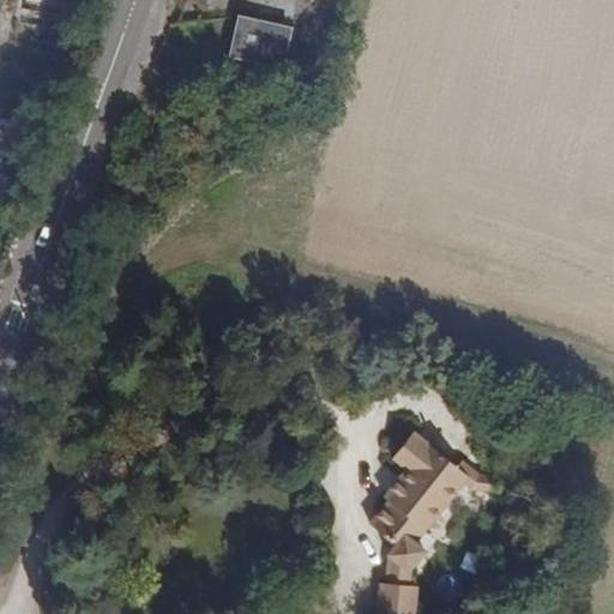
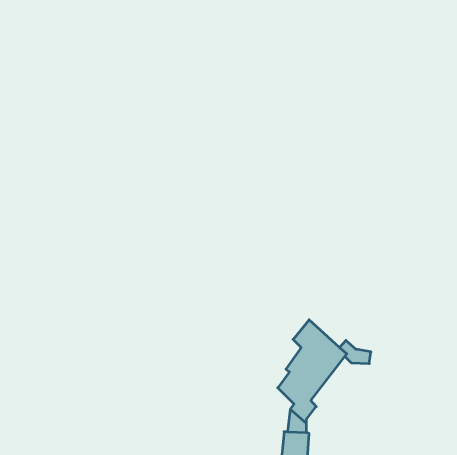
building: [227,18,290,68] -> none

